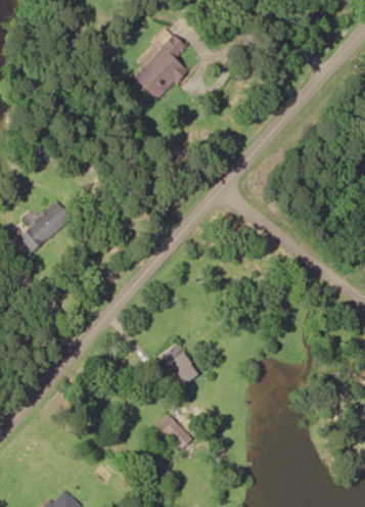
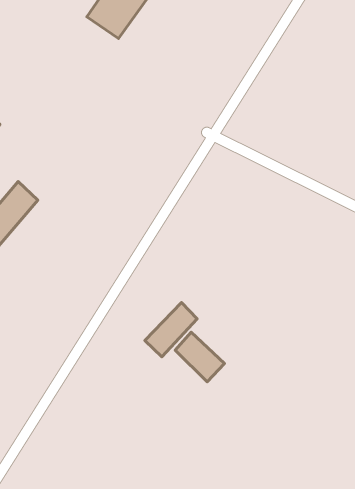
building: none -> [145,302,197,357]
building: [157,414,192,450] -> none

